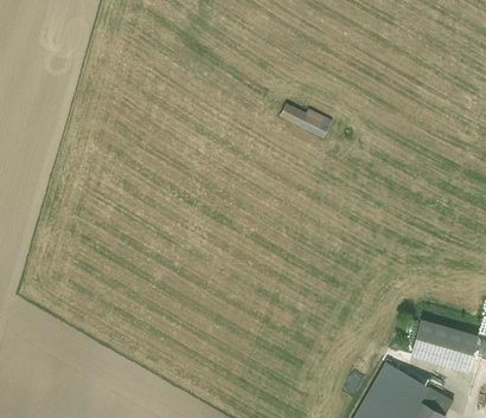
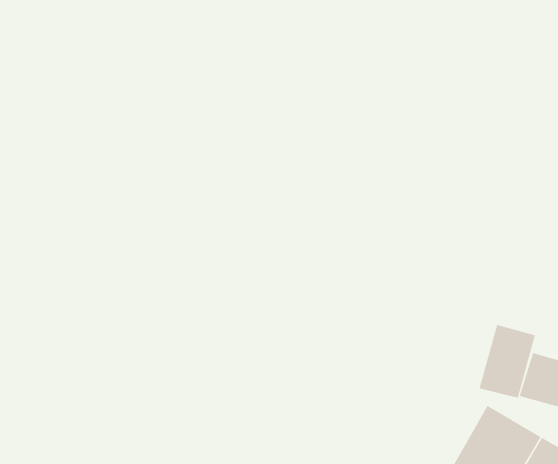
building: [280,102,333,137] -> none
building: none -> [479,324,535,399]

